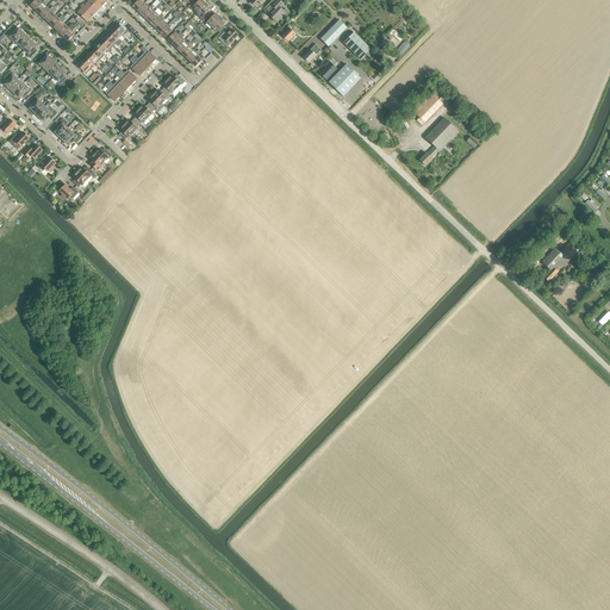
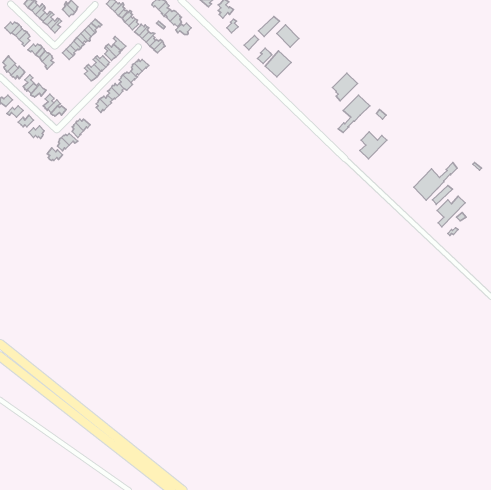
building: none -> [360,132,387,159]
building: none -> [414,163,457,200]

